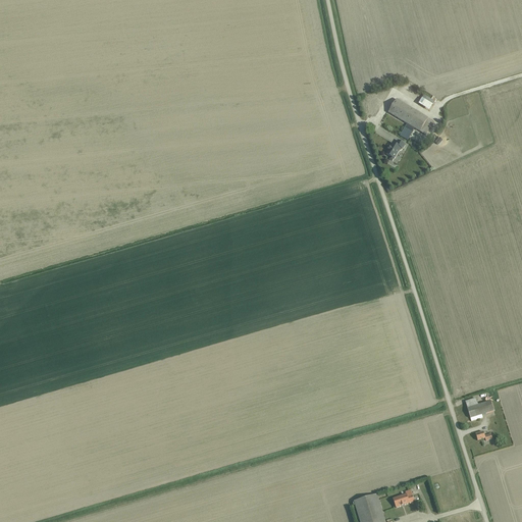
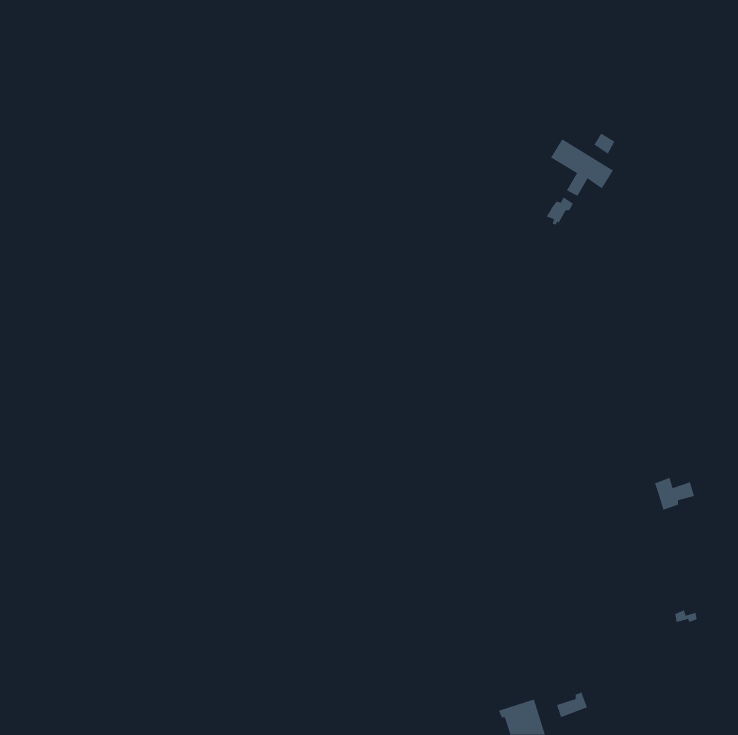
building: [465,397,493,420] -> [654,477,695,511]

